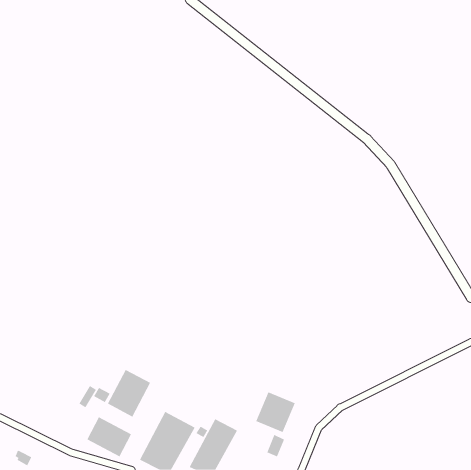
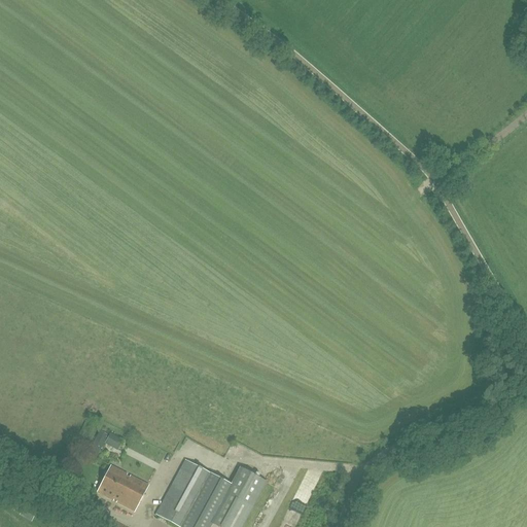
building: [107,369,151,417] -> none
building: [255,391,295,433] -> none

